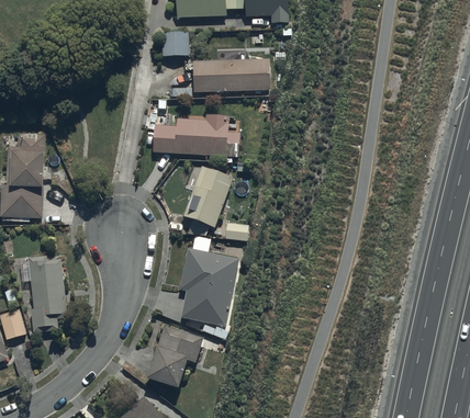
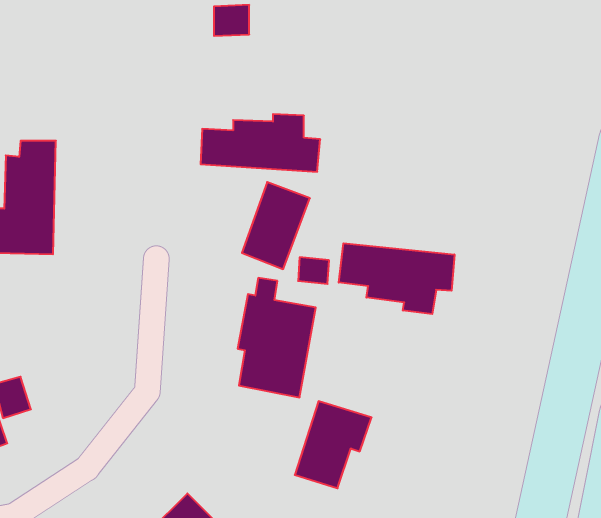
building: [192,58,270,92] -> none
building: none -> [339,243,454,314]
building: [21,256,66,332] -> none
building: [146,326,203,391] -> [295,401,372,488]

